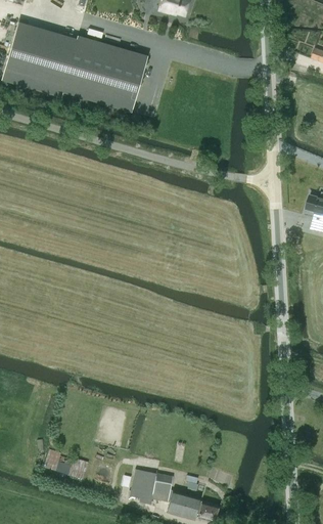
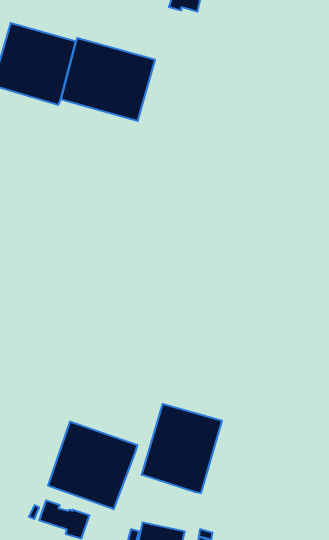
building: none -> [142,404,222,493]
building: none -> [48,421,137,509]

